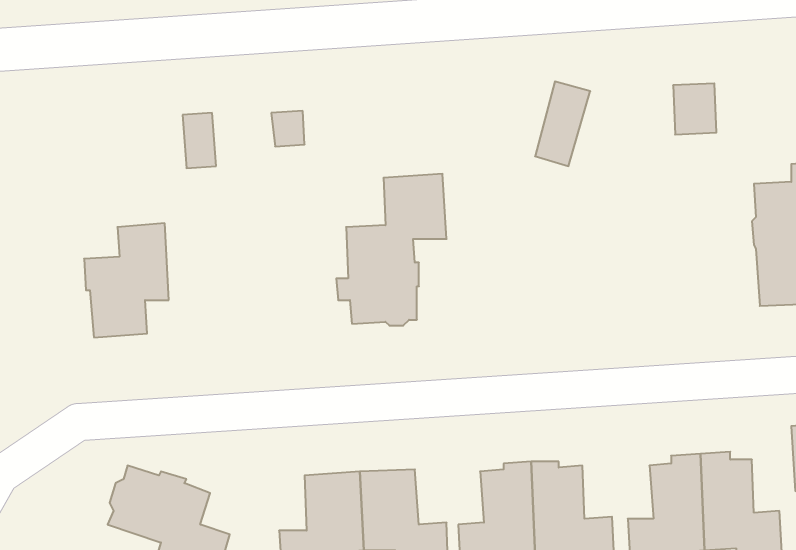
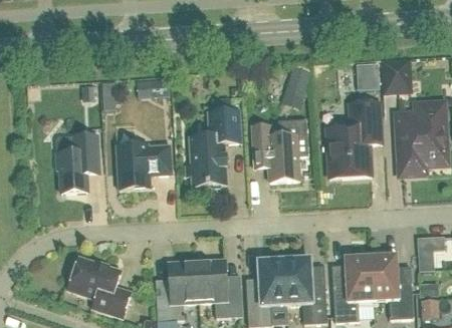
building: none -> [382,58,411,92]
building: none -> [325,101,381,178]
building: none -> [251,118,307,181]
building: none -> [116,143,171,190]

